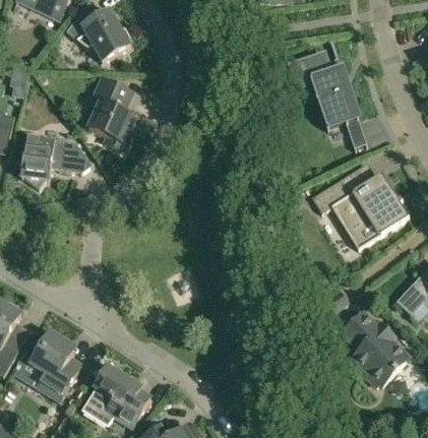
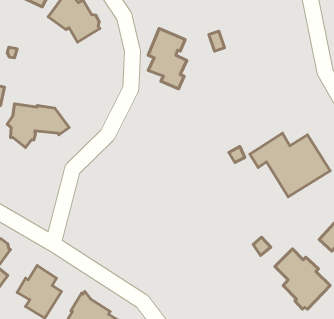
building: [310,41,368,150] -> none
building: [88,78,135,151] -> [148,29,187,89]

